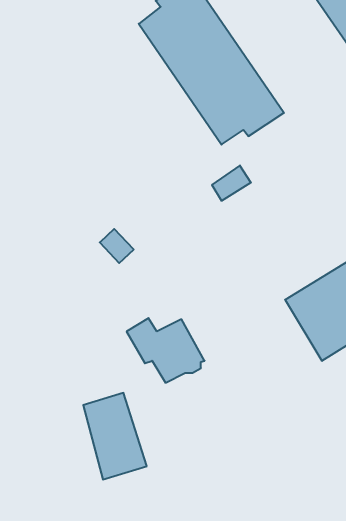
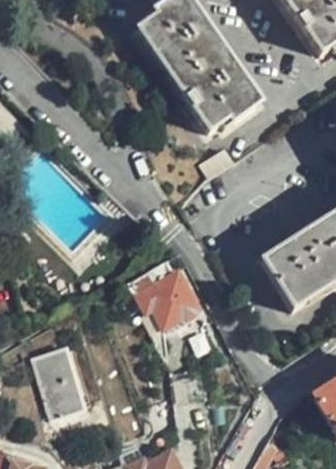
building: [83,393,147,480] -> [30,346,83,418]

